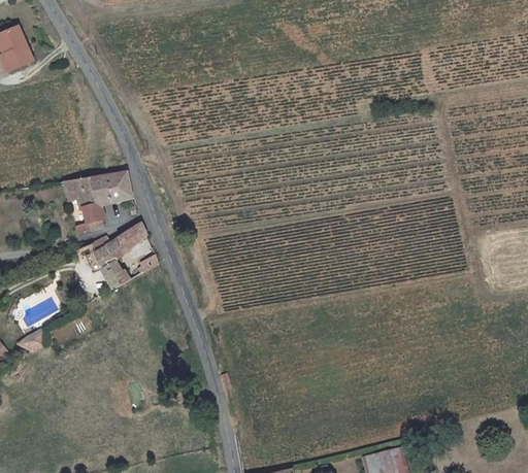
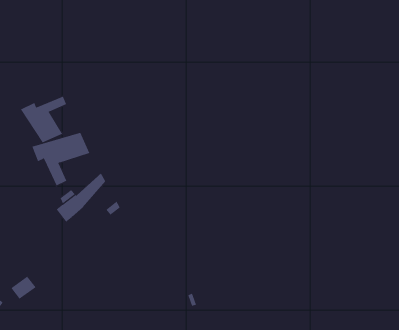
building: none -> [20,96,67,143]
building: [102,258,129,288] -> none

